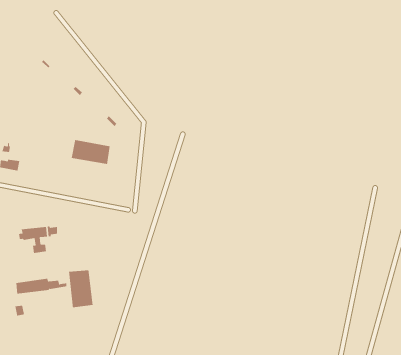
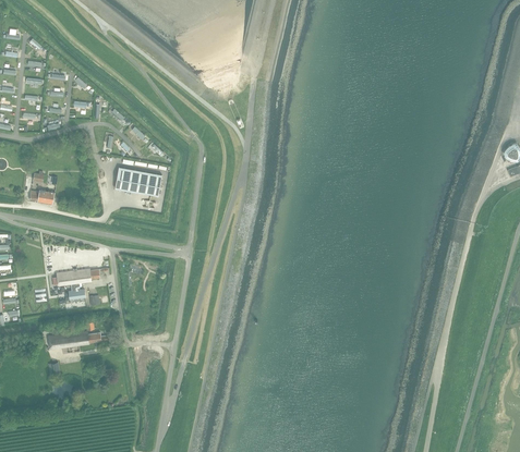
building: [69,270,93,308] -> none

